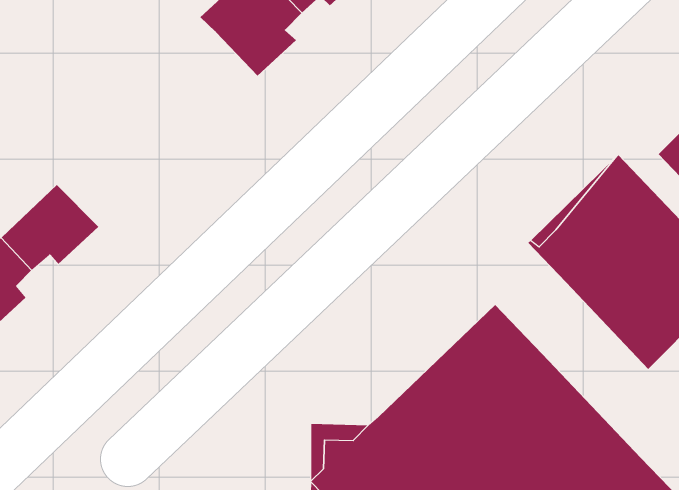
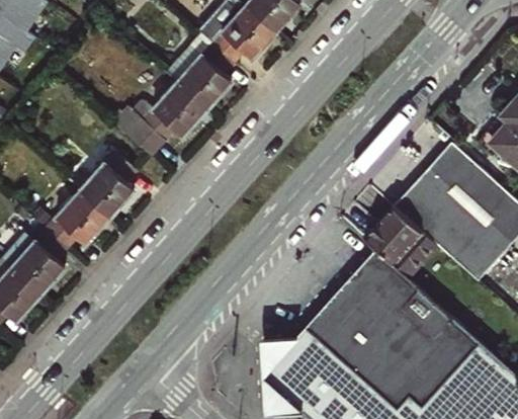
building: none -> [113,82,206,158]
building: none -> [79,151,138,218]
building: none -> [365,205,435,278]

